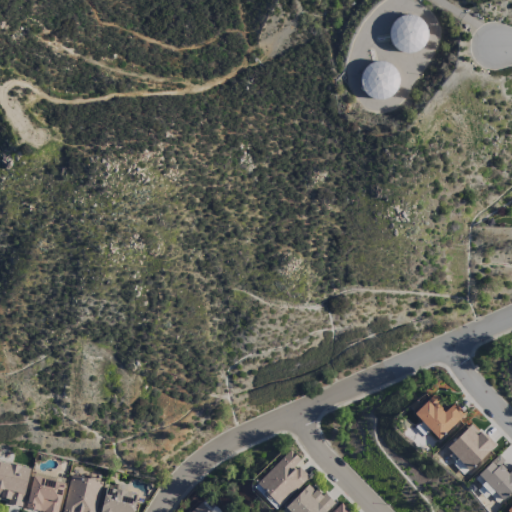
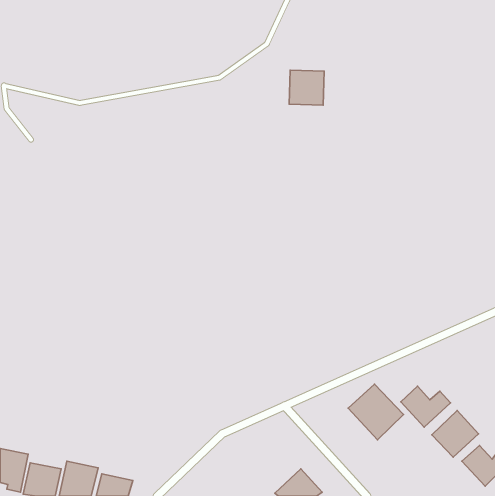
building: [385,13,438,57] -> none
building: [361,62,397,98] -> [289,70,324,105]
building: none -> [348,384,403,440]
building: [256,450,308,507] -> none

